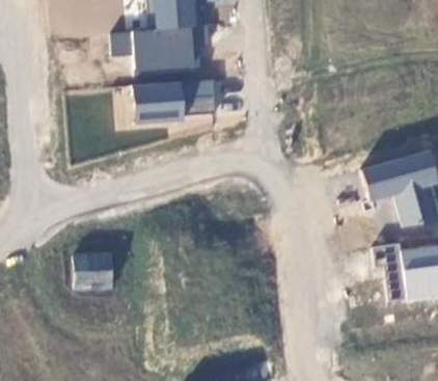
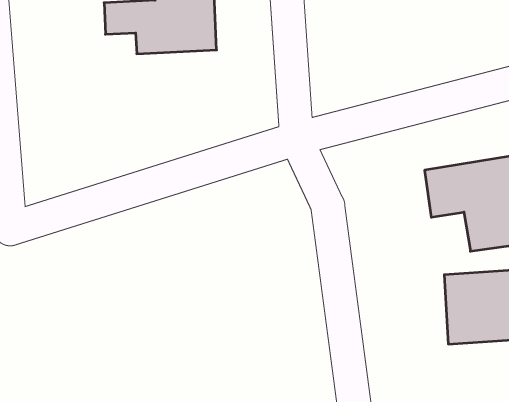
building: [134,80,217,118] -> none
building: [72,254,112,291] -> none

